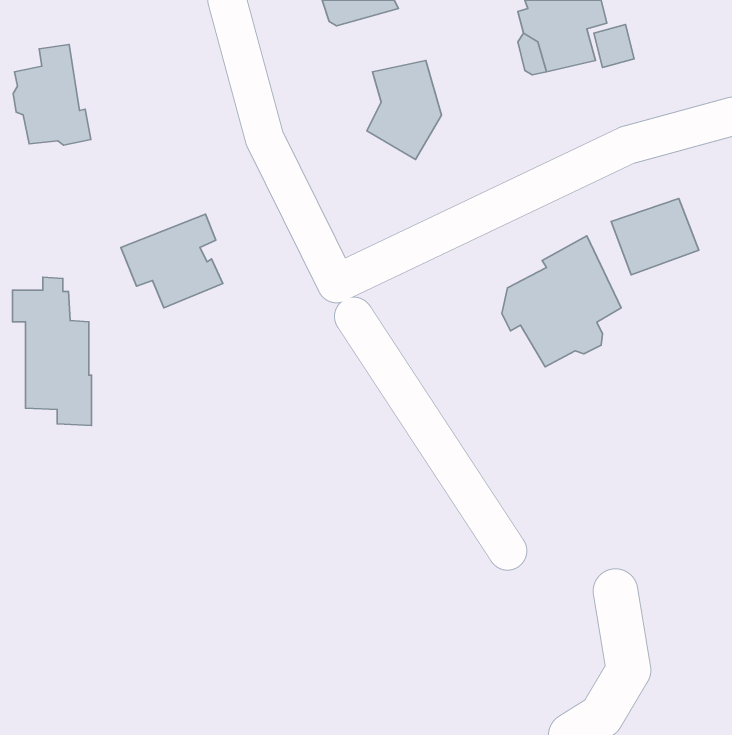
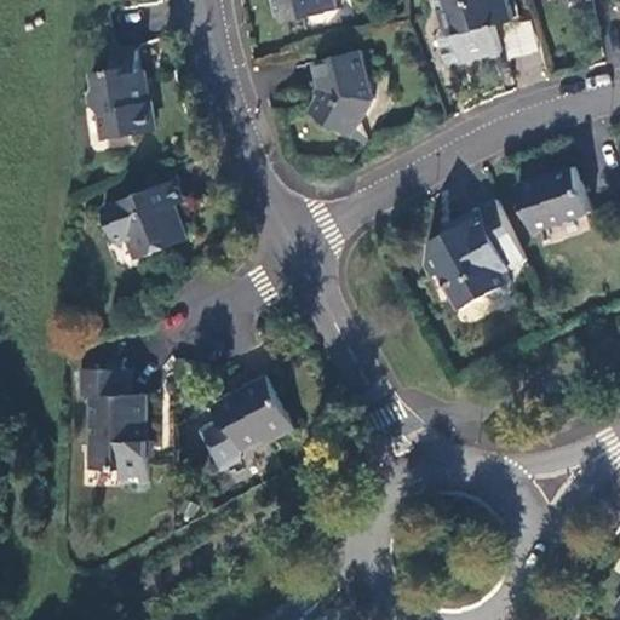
building: [13,44,91,145] -> [88,51,154,136]
building: [12,277,92,425] -> [80,358,147,483]
building: none -> [202,375,295,467]

